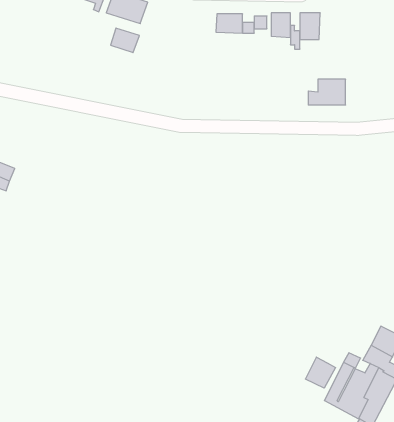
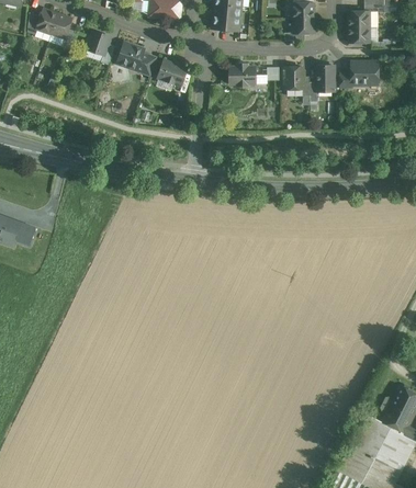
building: [111,28,139,53] -> [157,60,187,86]
building: [308,79,346,105] -> [340,59,379,86]
building: [305,357,336,388] -> none

